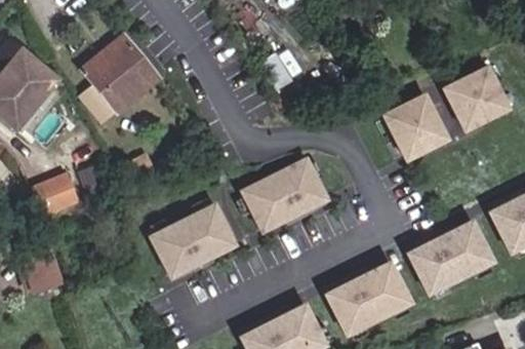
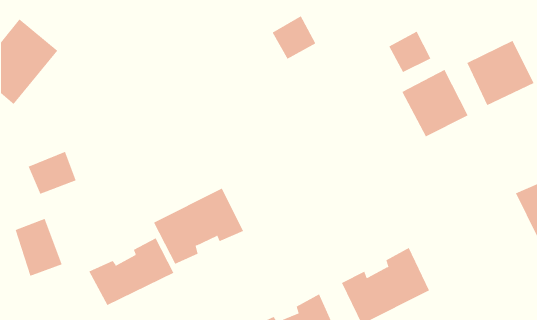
building: [84,34,157,111] -> none
building: none -> [389,31,431,73]
building: [240,161,326,233] -> none
building: [408,223,493,296] -> none
building: none -> [88,238,174,306]

